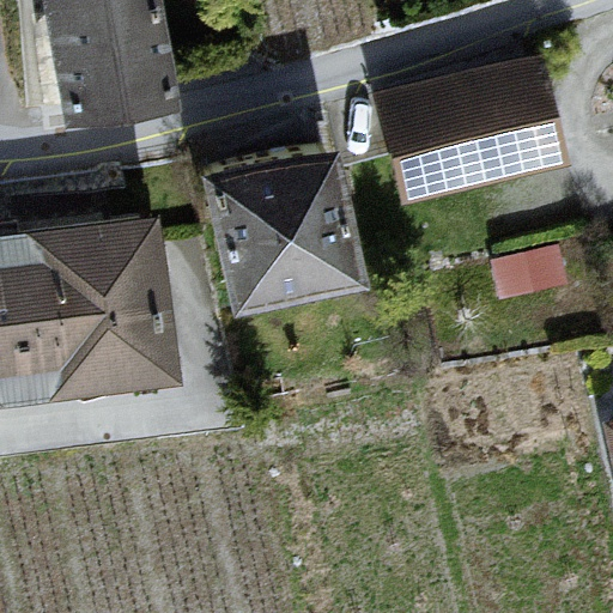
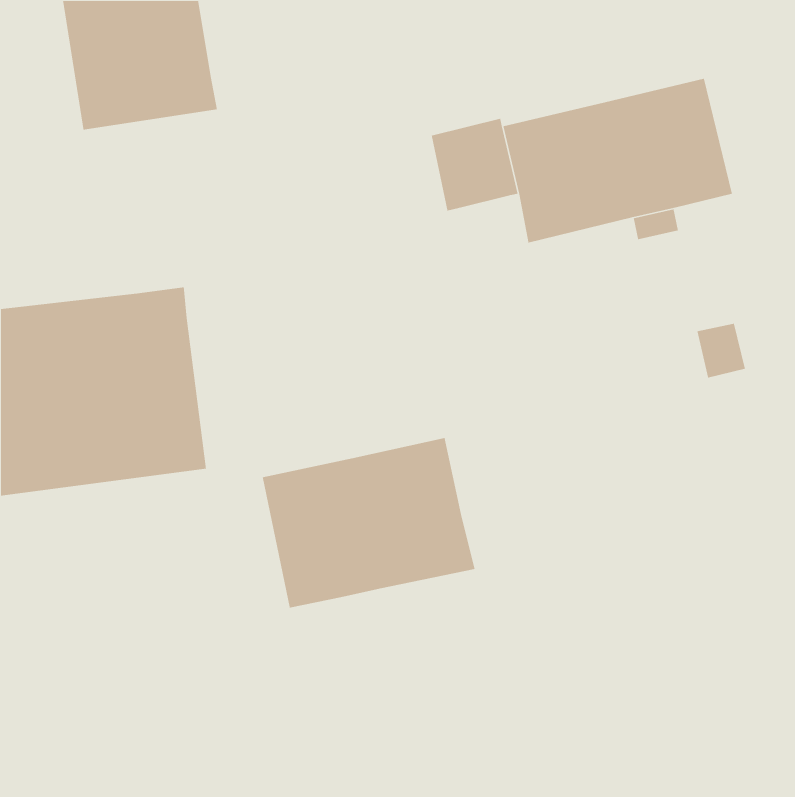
building: [214,151,358,293] -> none
building: none -> [262,437,476,609]

